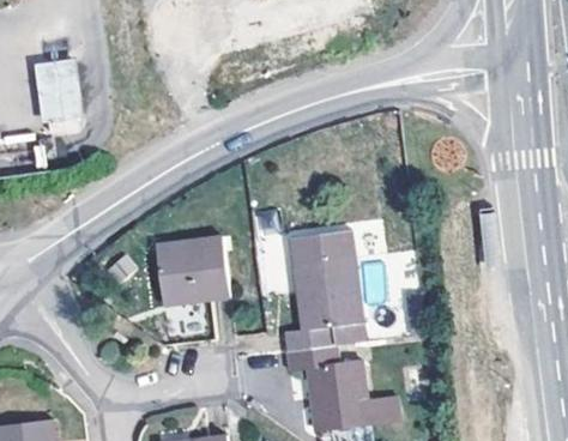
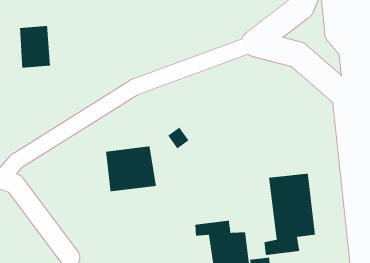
building: [284,228,361,349] -> [263,173,316,256]

